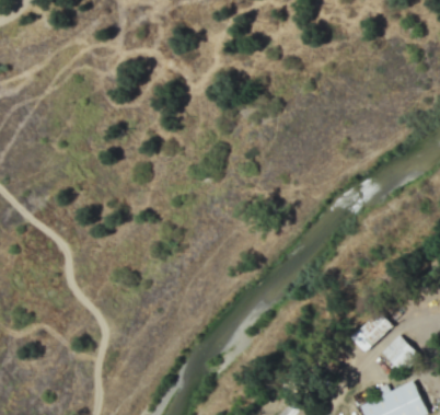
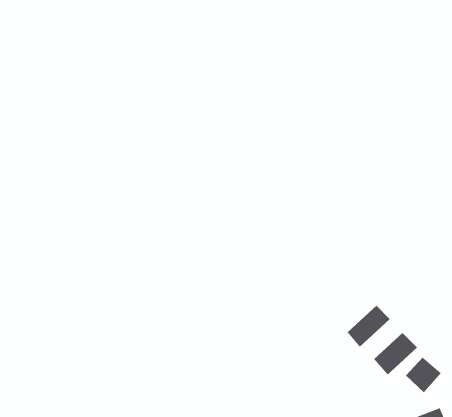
building: none -> [347,305,391,347]

